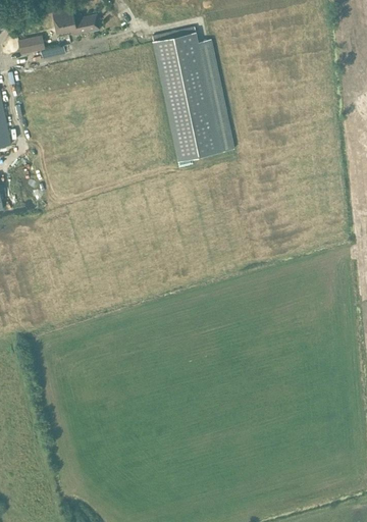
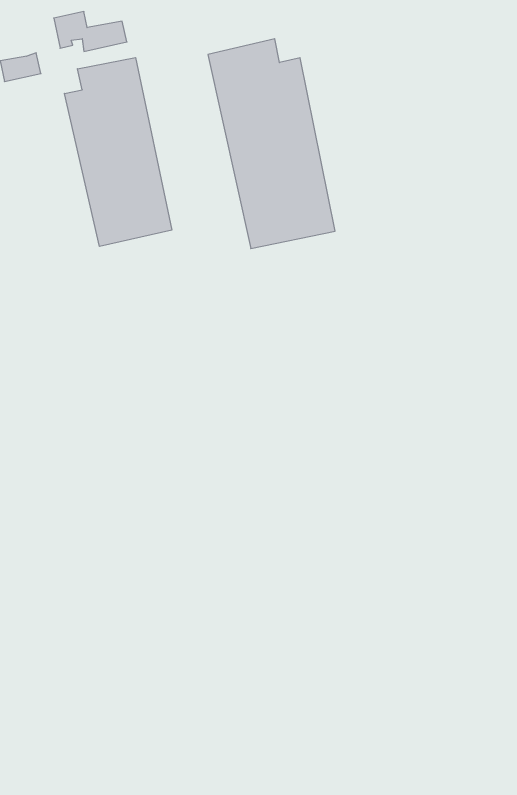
building: none -> [64,58,172,246]

